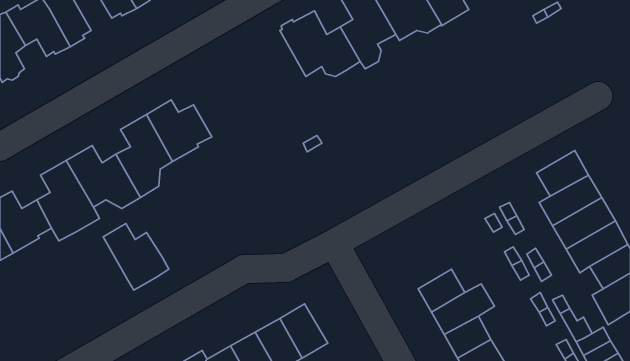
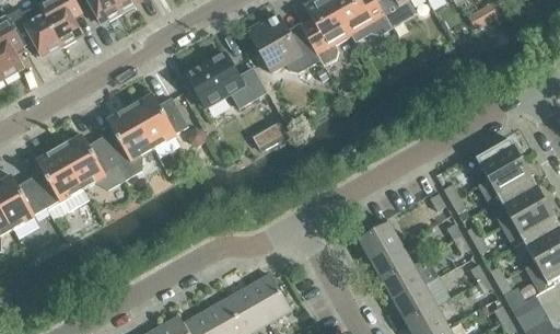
building: none -> [186,51,267,107]
building: [103,224,169,290] -> none
building: none -> [359,221,400,261]

